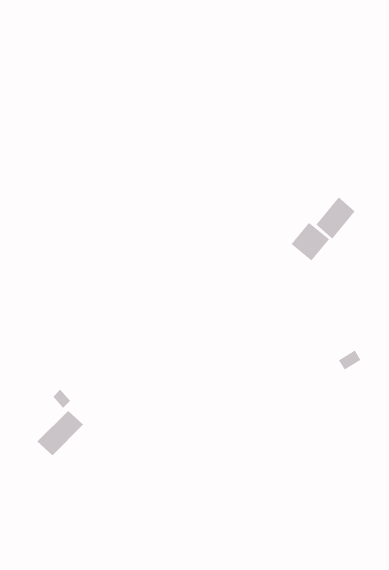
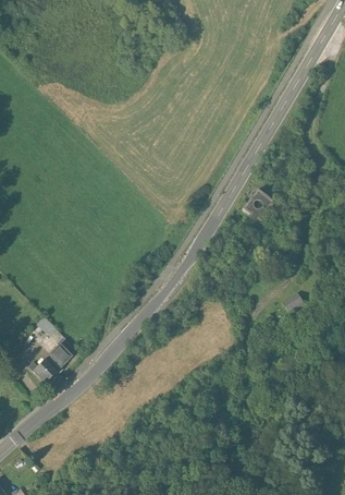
building: [316,197,356,239] -> none

